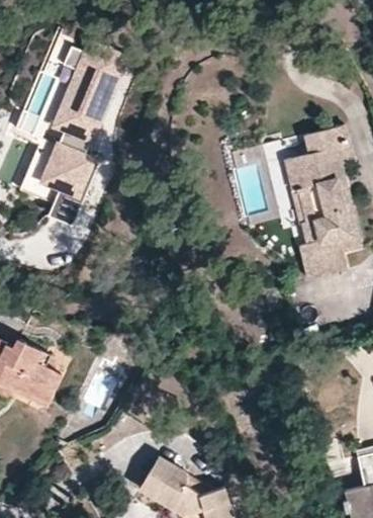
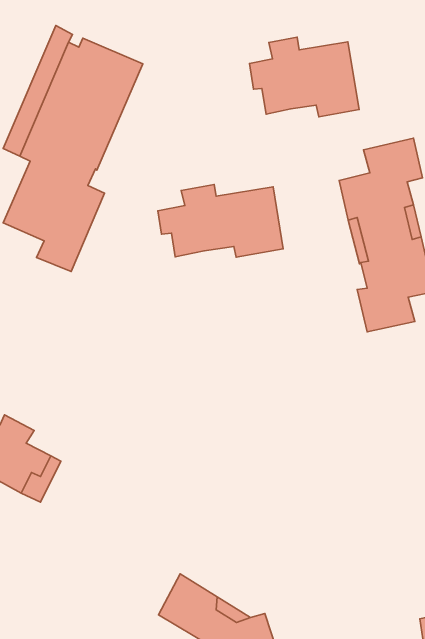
building: none -> [249,37,359,117]
building: none -> [158,184,283,257]

